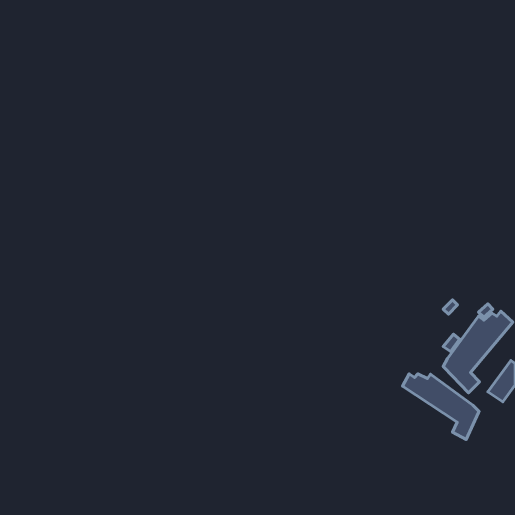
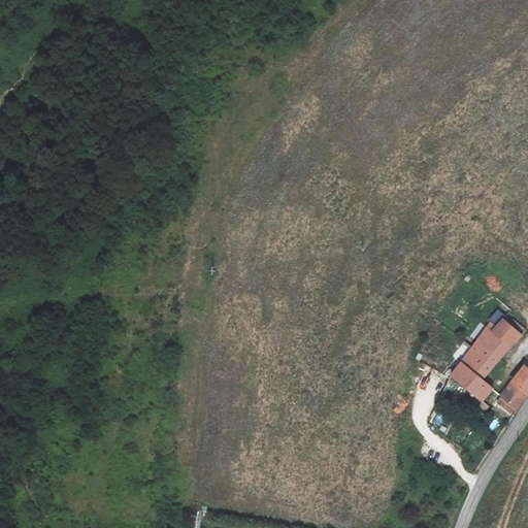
building: [402,374,479,440] -> none

